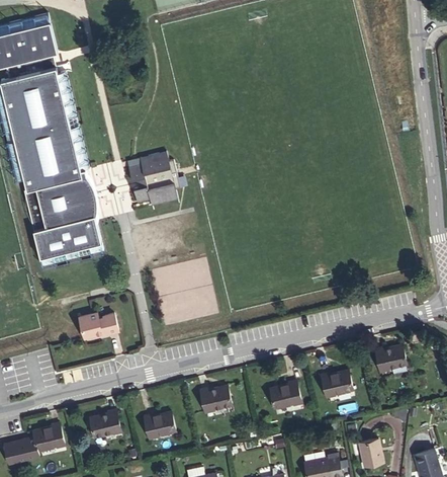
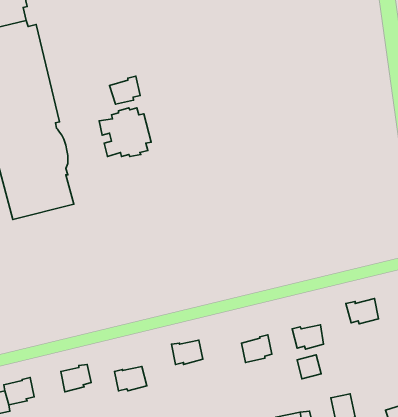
building: none -> [109,76,140,104]
building: [78,312,117,337] -> none
building: none -> [297,355,321,379]

